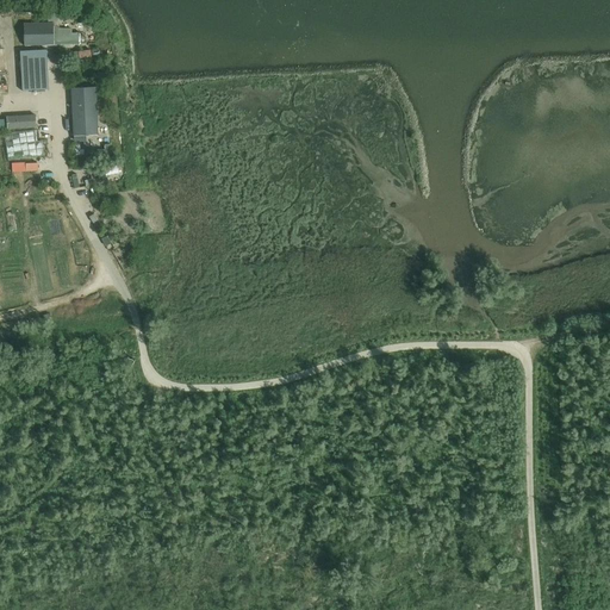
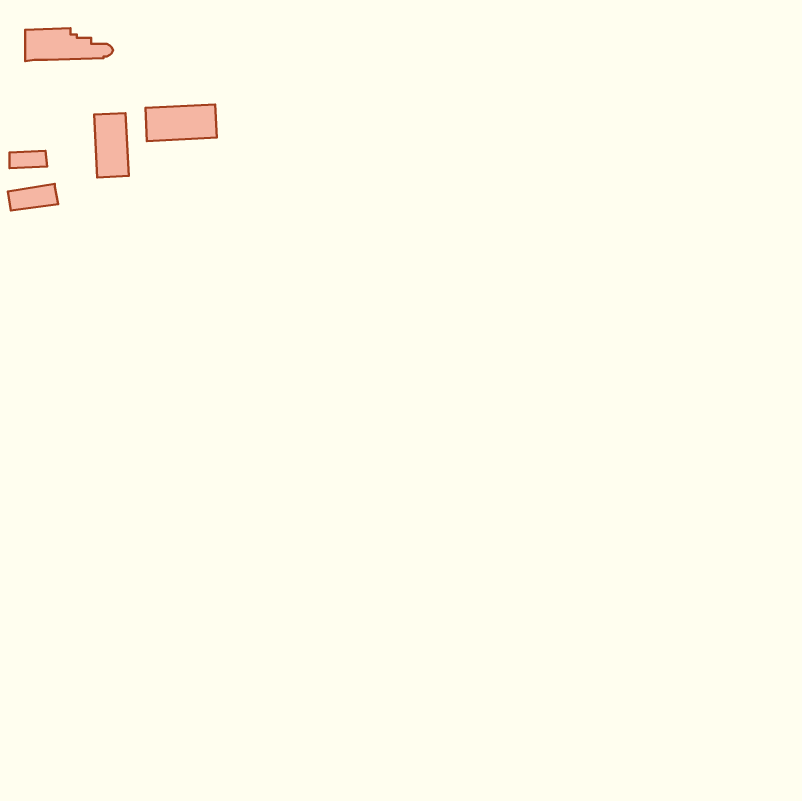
building: [20,49,49,91] -> none
building: none -> [145,104,217,141]

